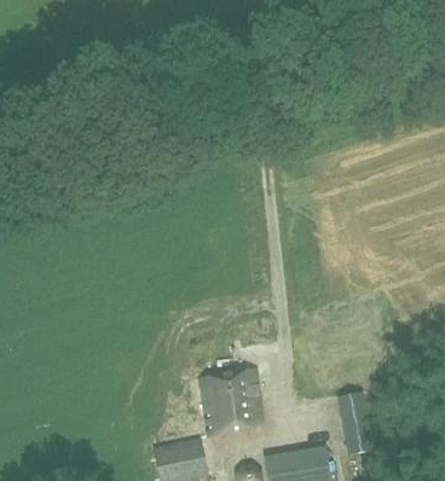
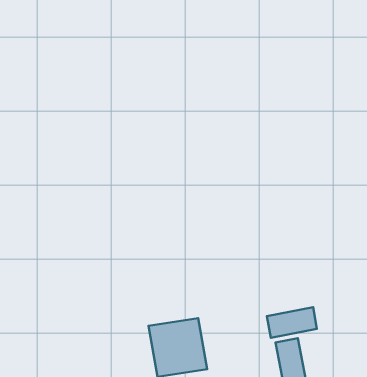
building: none -> [267,307,317,338]

